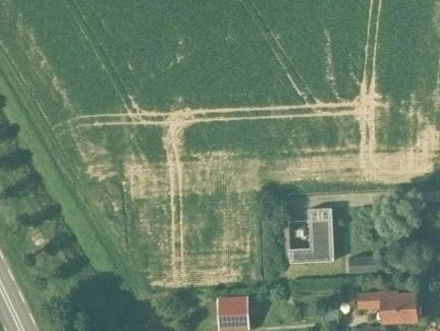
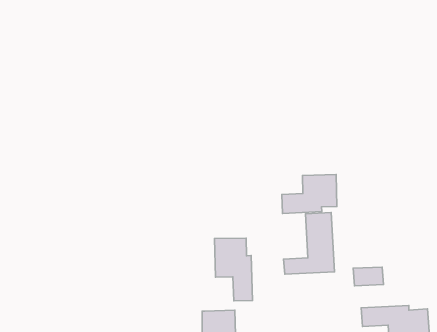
building: none -> [282,174,337,213]
building: none -> [214,238,253,301]

